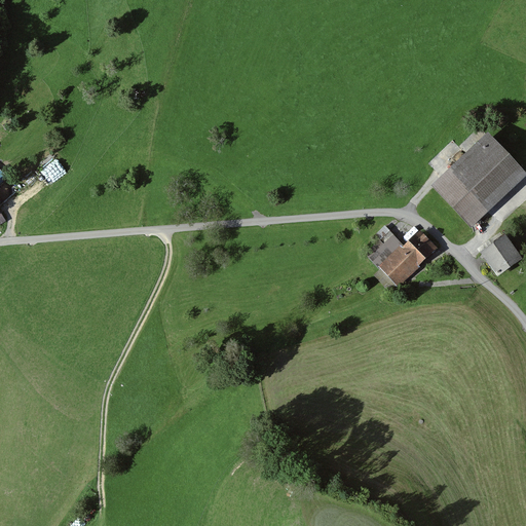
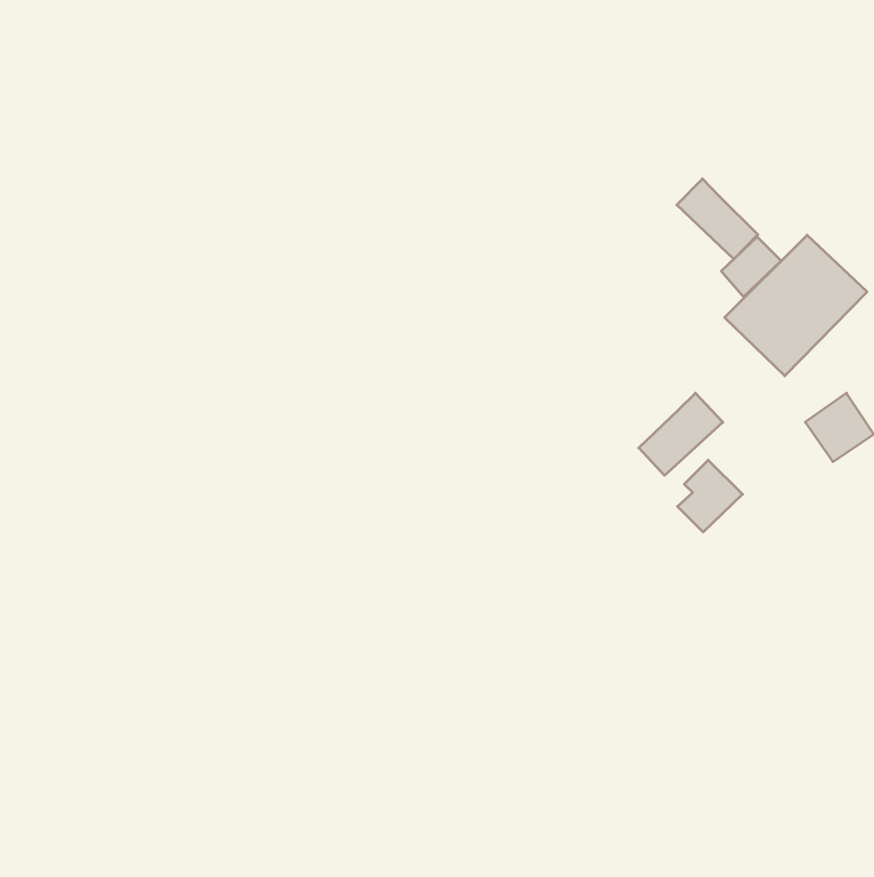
building: none -> [677,179,758,259]
building: [369,225,408,268] -> [677,460,743,532]

